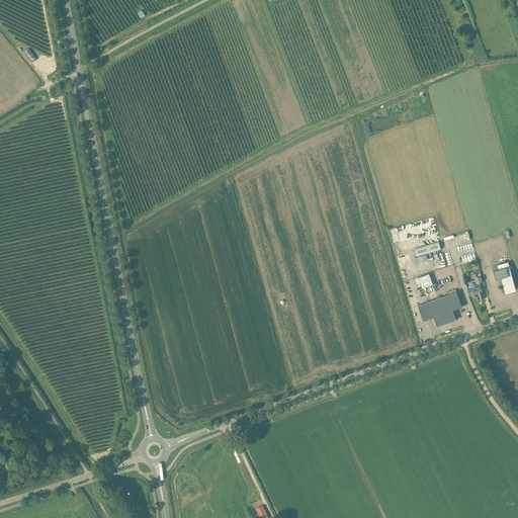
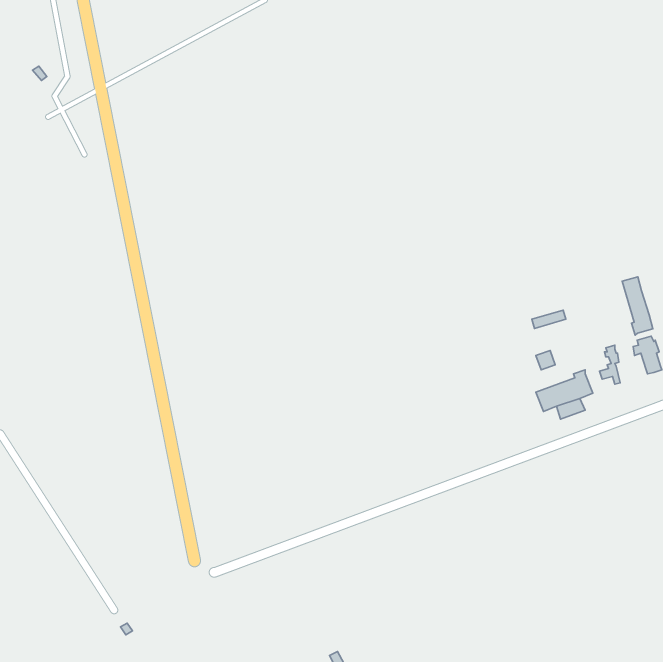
building: none -> [622,277,653,335]

